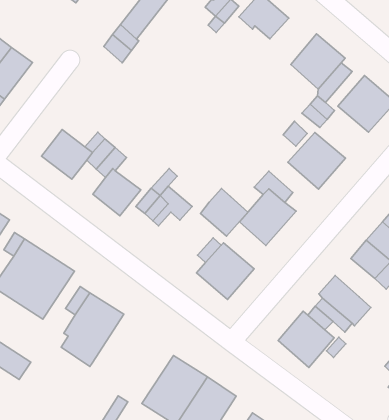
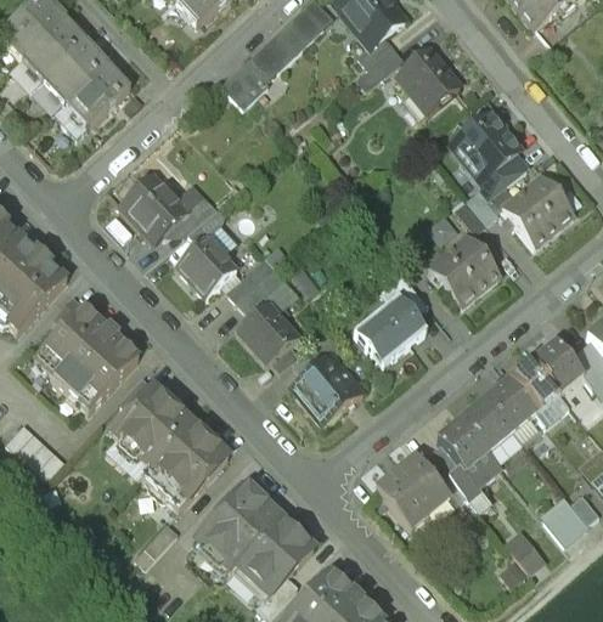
building: [200,188,248,236] -> [241,301,300,362]
building: none -> [464,397,513,447]
building: none -> [142,419,230,508]

